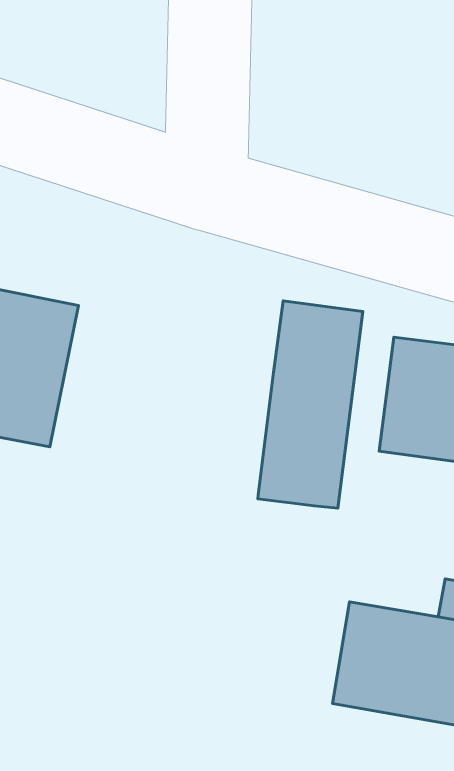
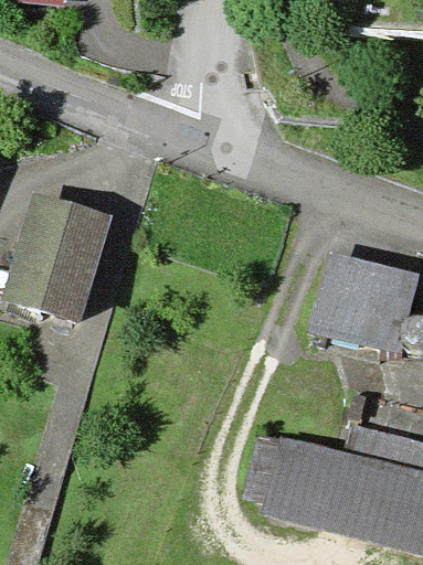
building: [258,301,363,508] -> none

